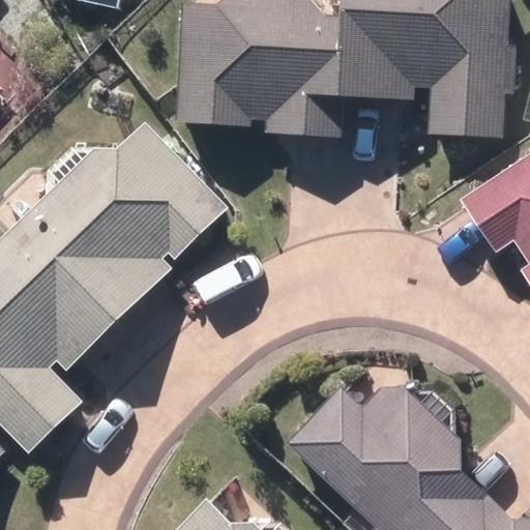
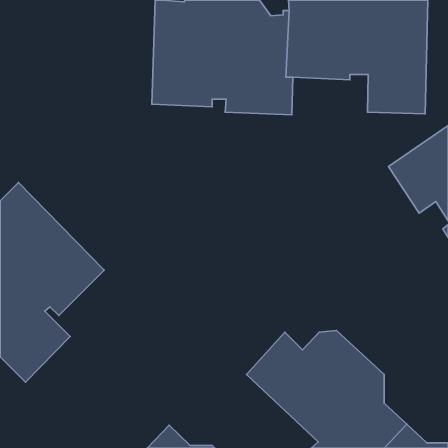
building: [22,121,230,319] -> none

